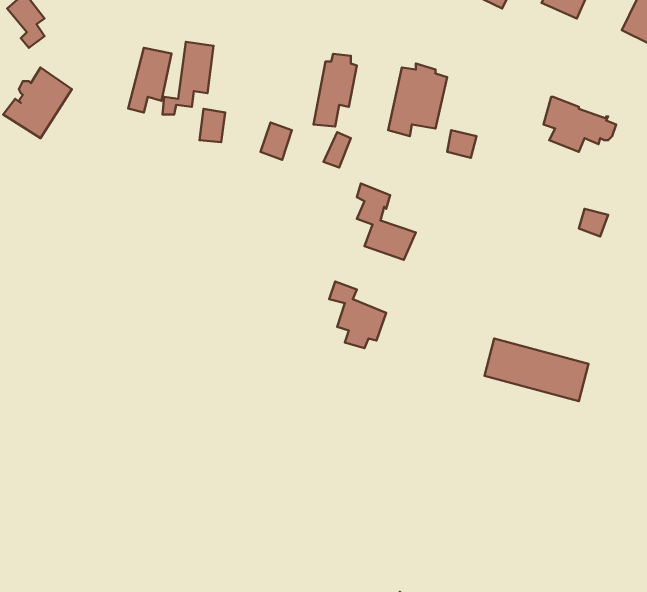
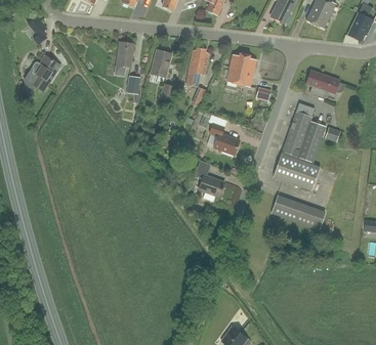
building: [128,48,171,113] -> [149,49,171,83]
building: none -> [273,102,326,190]

